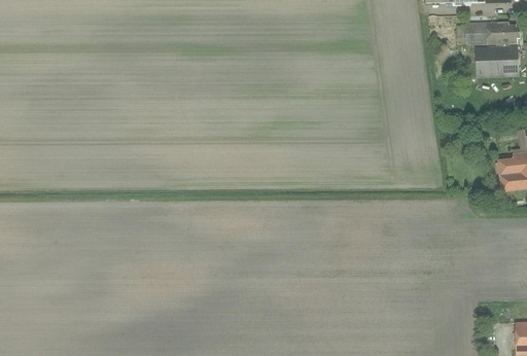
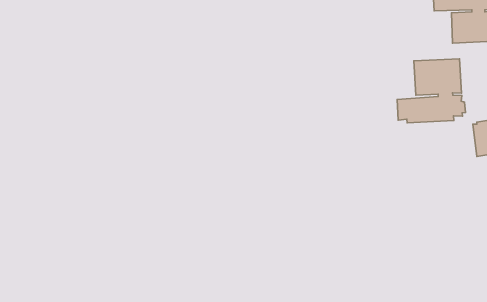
building: none -> [397,59,466,123]

